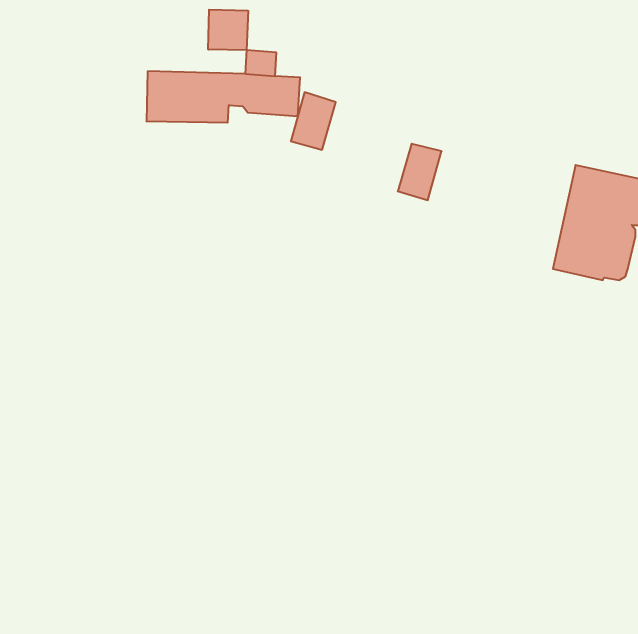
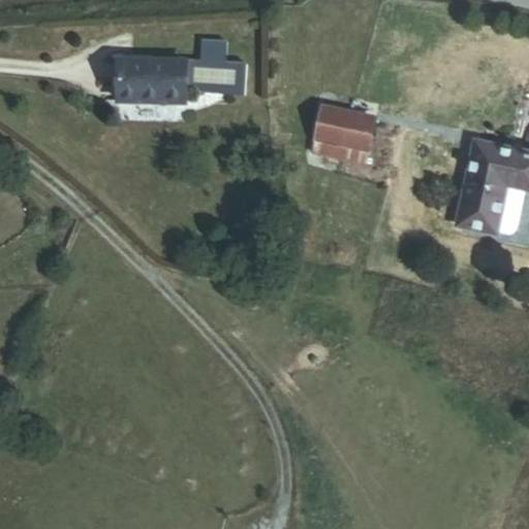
building: [208,10,248,50] -> none
building: [291,92,336,150] -> [304,111,341,158]

